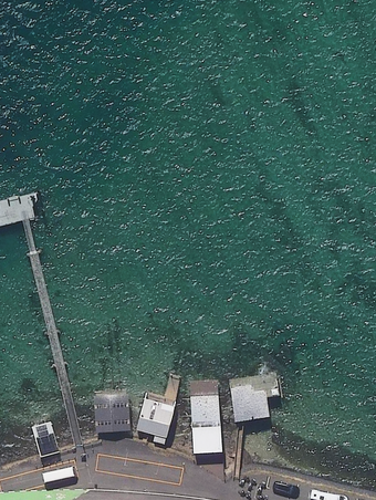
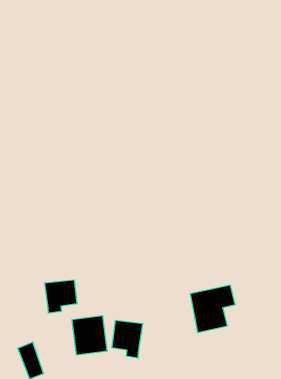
building: none -> [45,280,77,313]
building: [189,395,221,454] -> none

